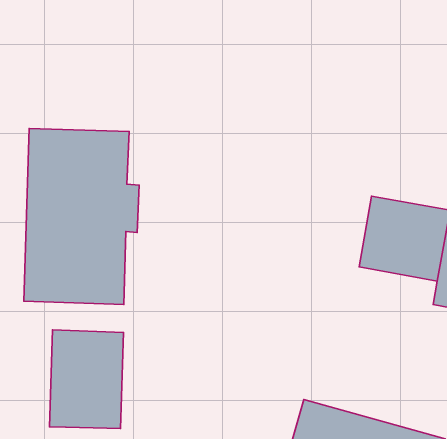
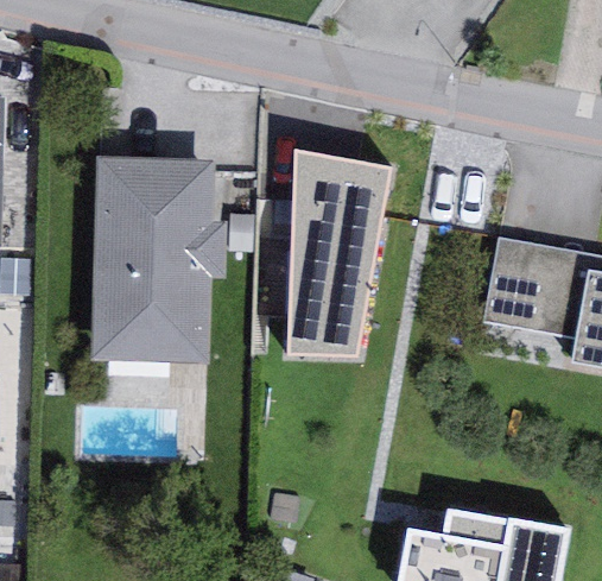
building: none -> [287,154,391,359]
building: [50,330,123,428] -> none

